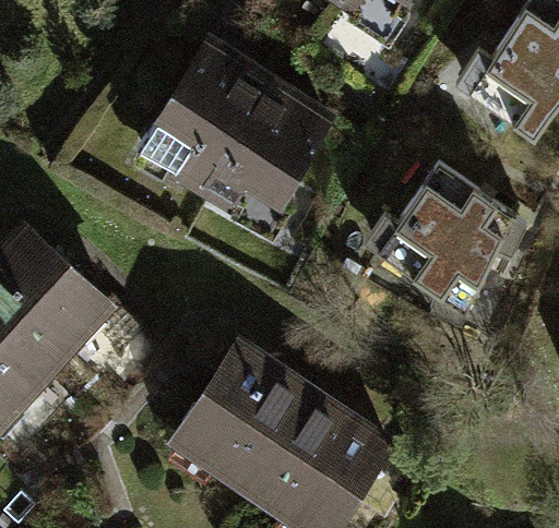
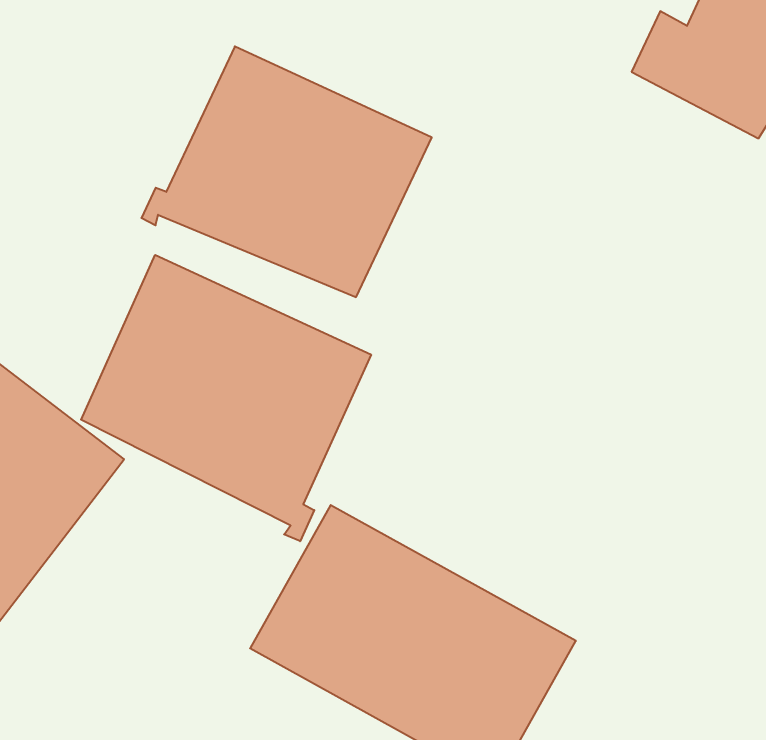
building: [367,166,525,326] -> none
building: none -> [81,255,371,541]

